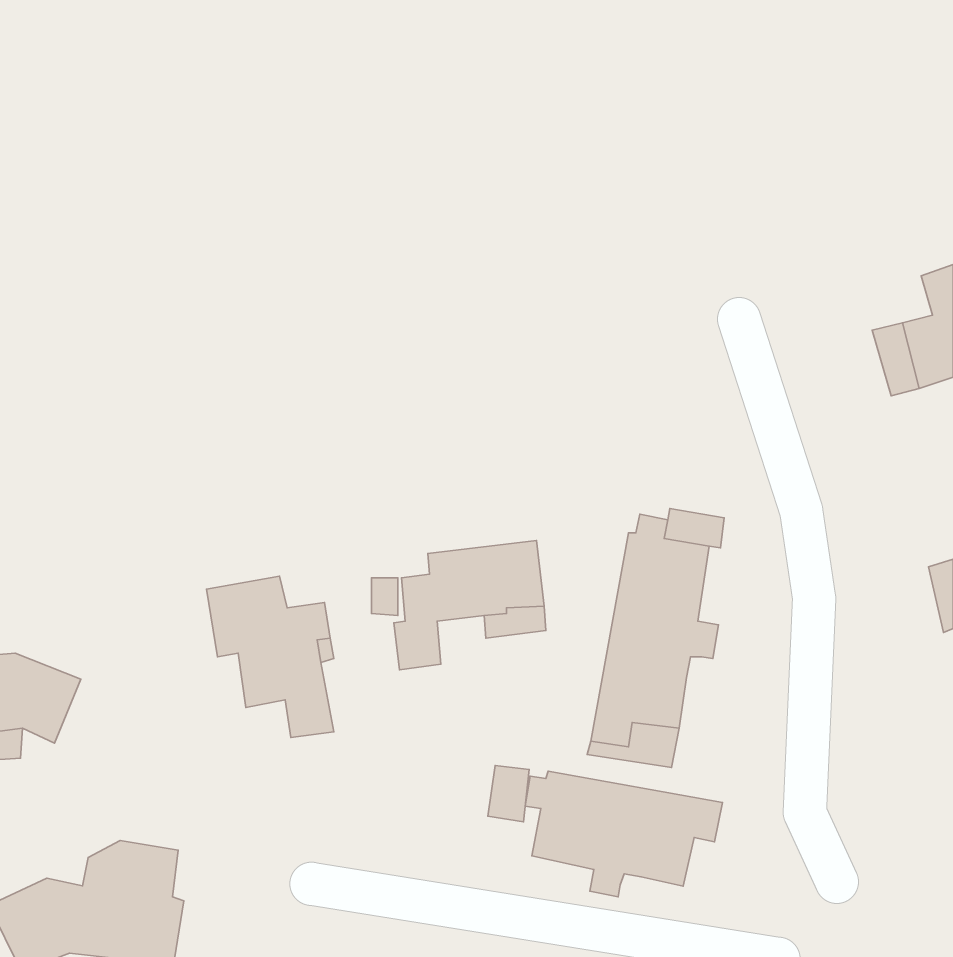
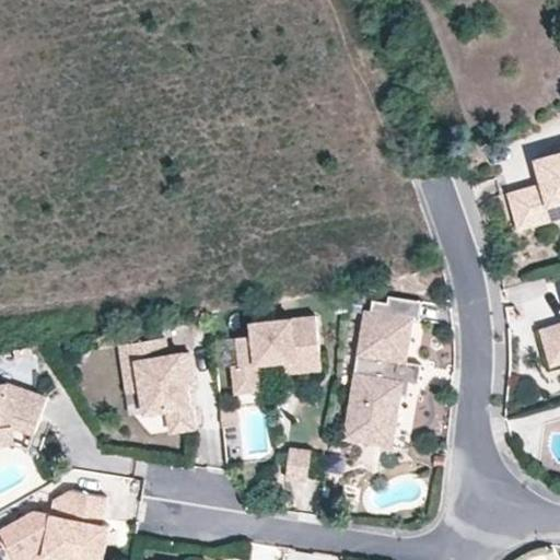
building: [525,771,722,897] -> none

